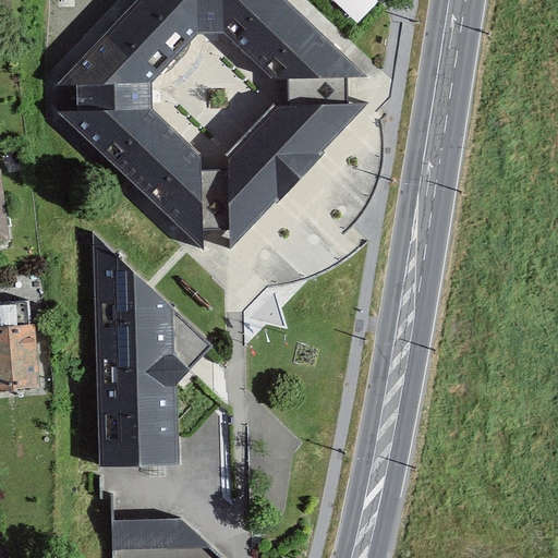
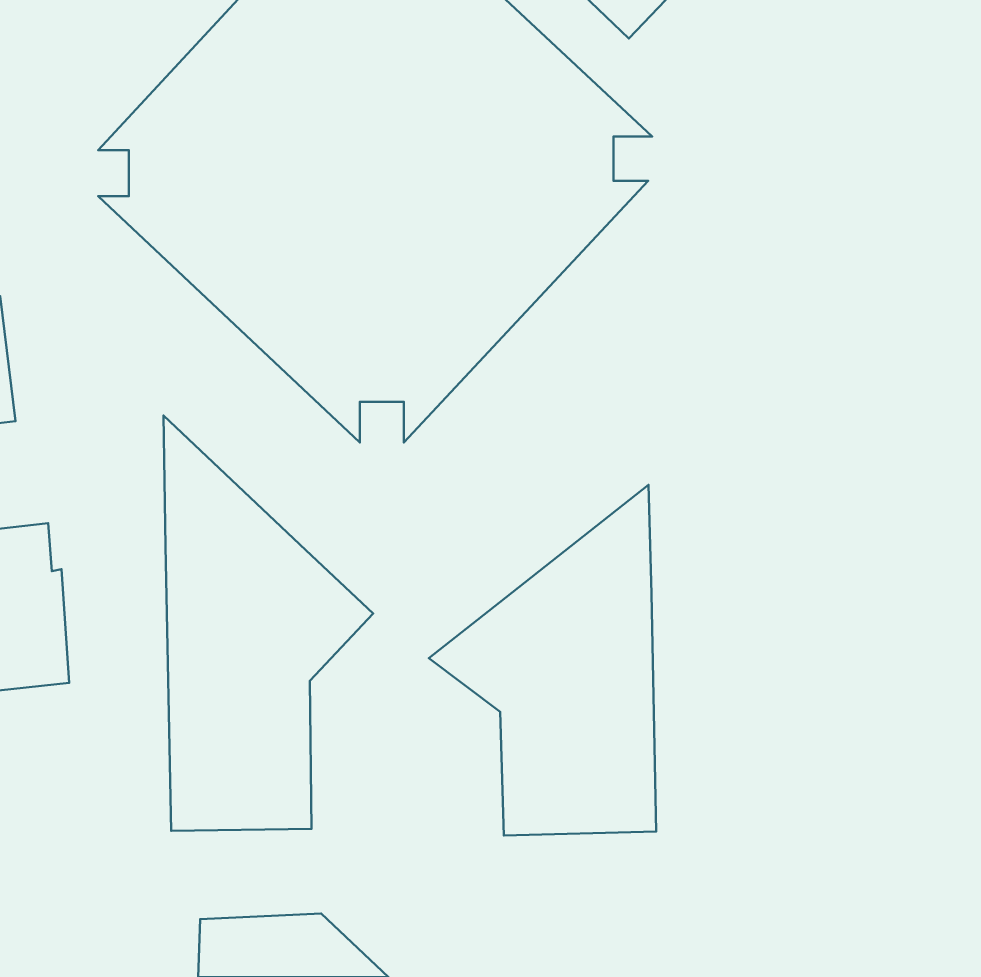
building: none -> [429,485,656,835]

